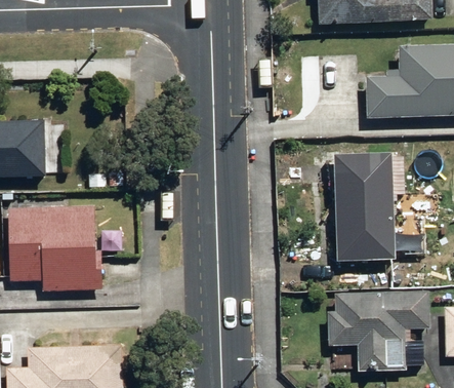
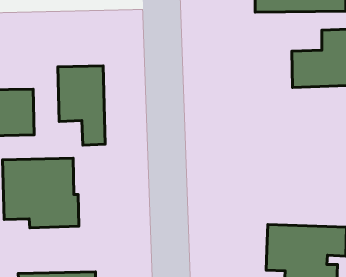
building: none -> [58,66,105,145]
building: [337,152,395,263] -> none

